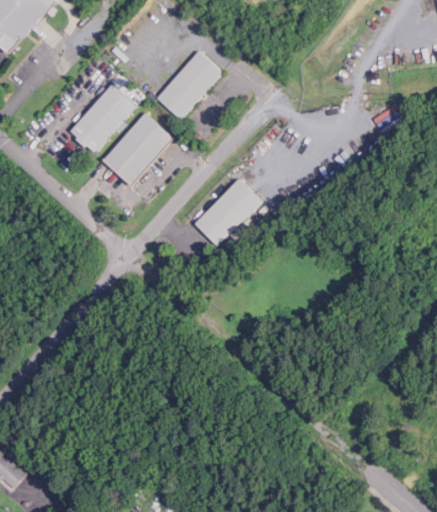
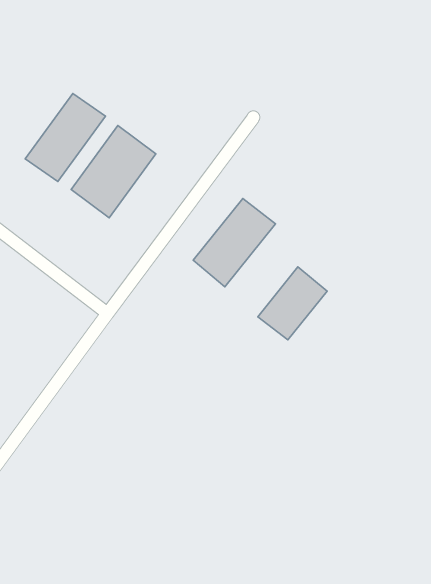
building: [155,50,222,120] -> none
building: none -> [258,267,327,340]

